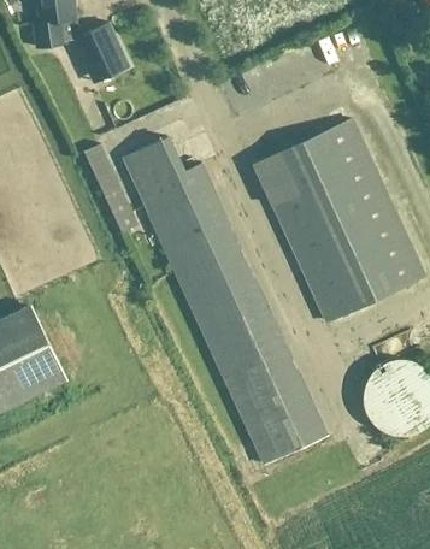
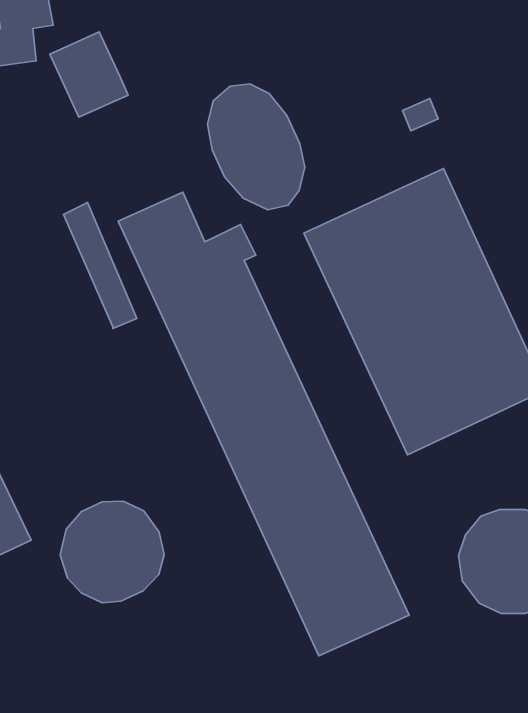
building: none -> [208,84,305,210]
building: none -> [60,501,164,603]

